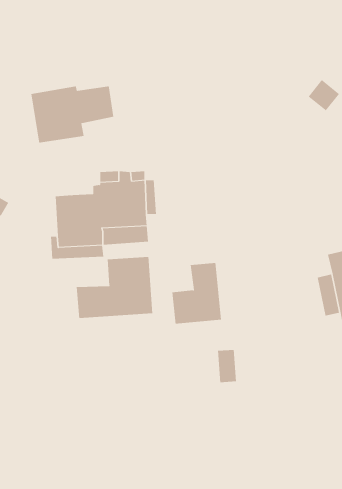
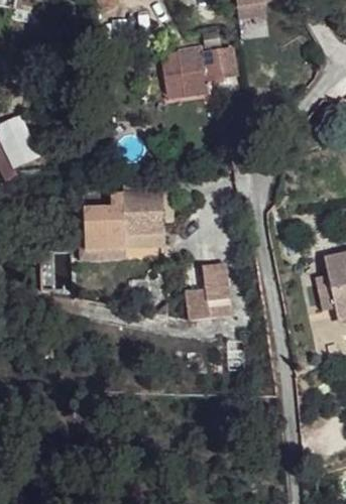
building: [31,86,114,143] -> [162,47,236,98]
building: [76,256,153,319] -> none

